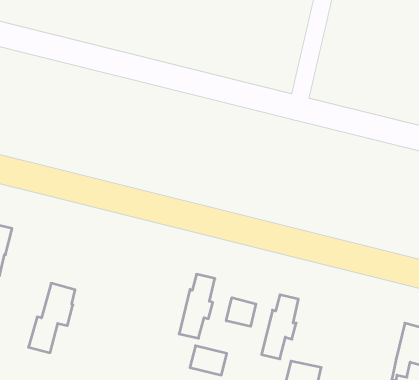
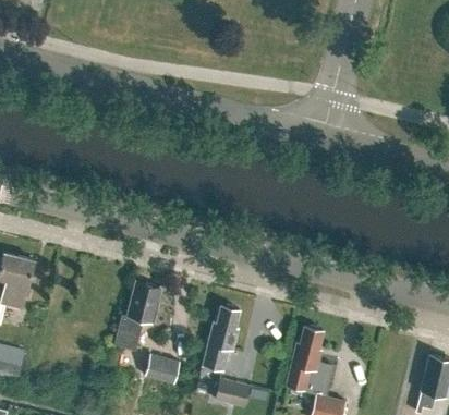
building: [28,283,75,353] -> [114,281,161,351]
building: [226,298,256,326] -> none
building: none -> [145,353,180,385]

